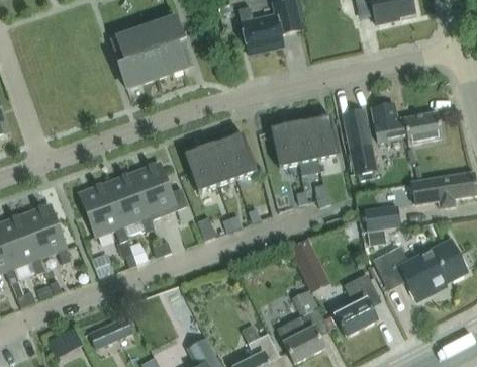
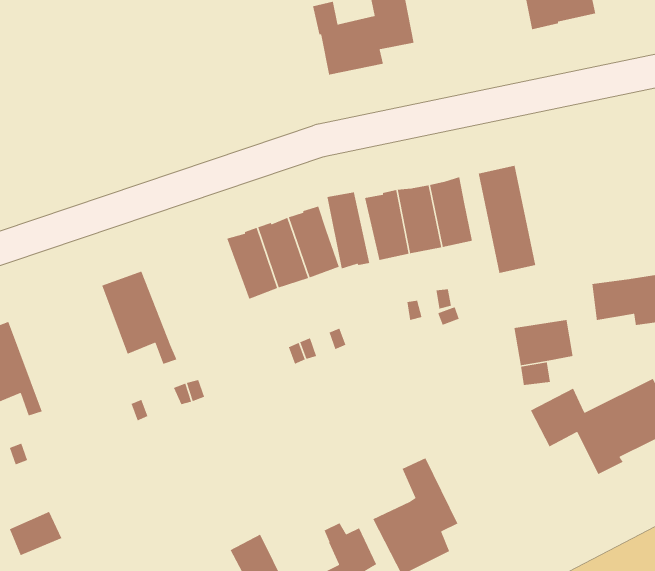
building: [110,16,191,88] -> none
building: [370,104,441,146] -> none
building: none -> [327,191,370,269]
building: [132,163,188,219] -> none
building: [80,182,128,242] -> none
building: [289,239,329,291] -> none
building: [335,273,379,337] -> none
building: [88,315,134,347] -> none

